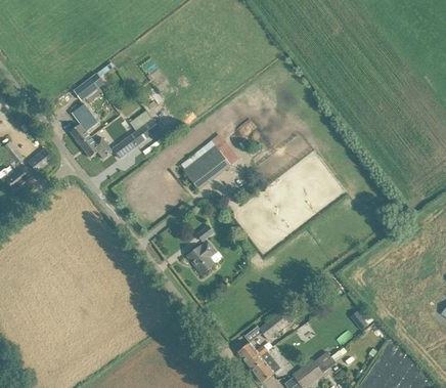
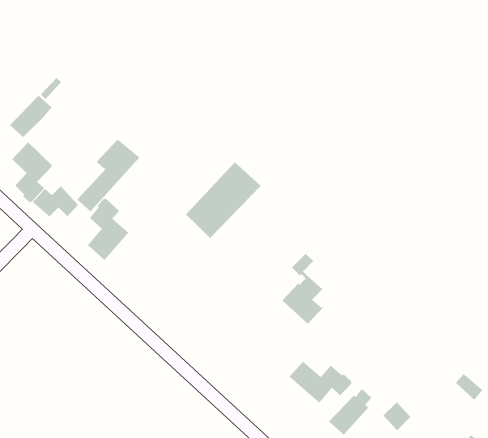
building: none -> [87,198,129,261]
building: [186,225,216,274] -> [282,253,325,324]
building: none -> [289,361,352,403]

